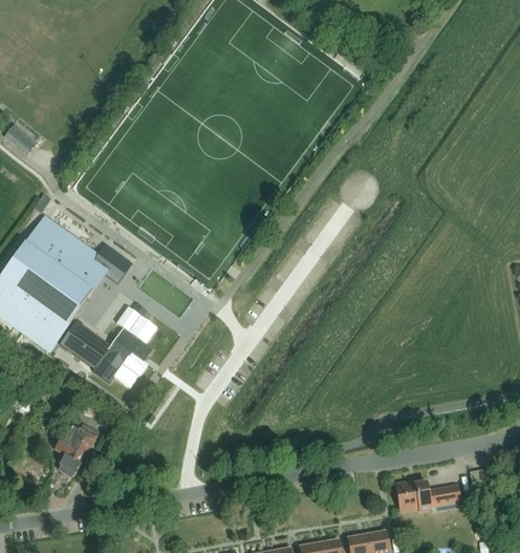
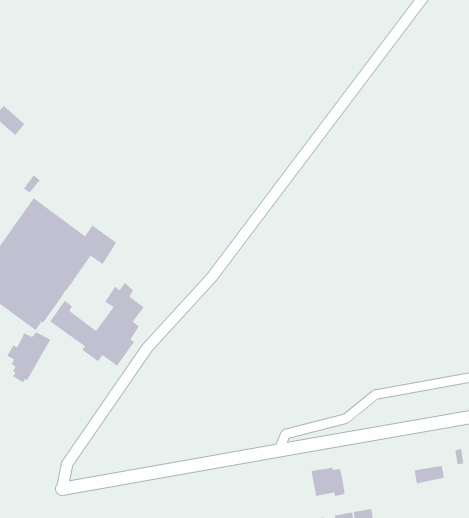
building: [52,424,98,477] -> [6,331,51,384]
building: [395,481,430,511] -> [311,467,345,497]

